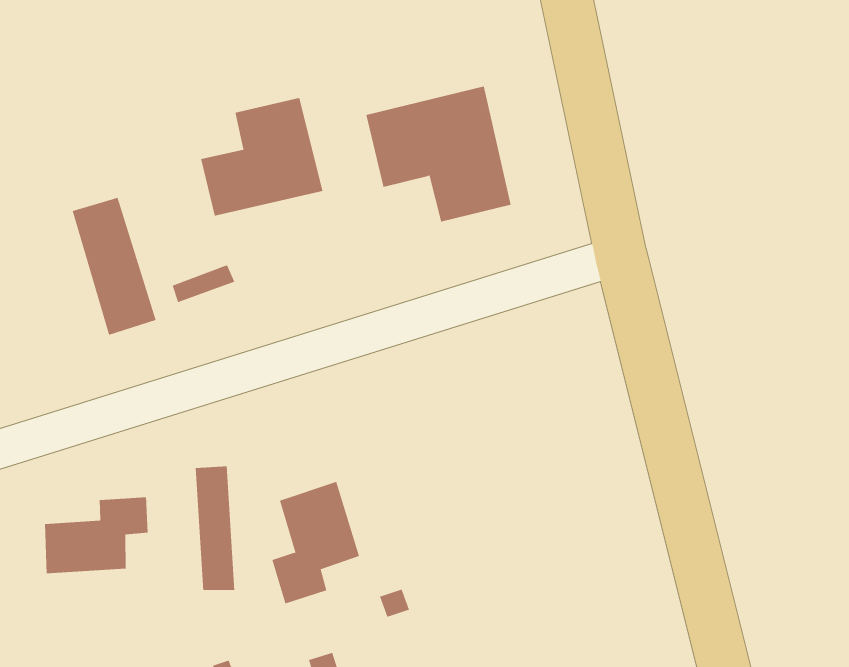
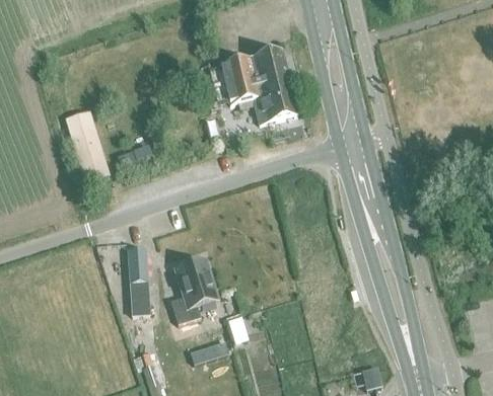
building: [201,97,323,217] -> none
building: [45,496,148,574] -> none

